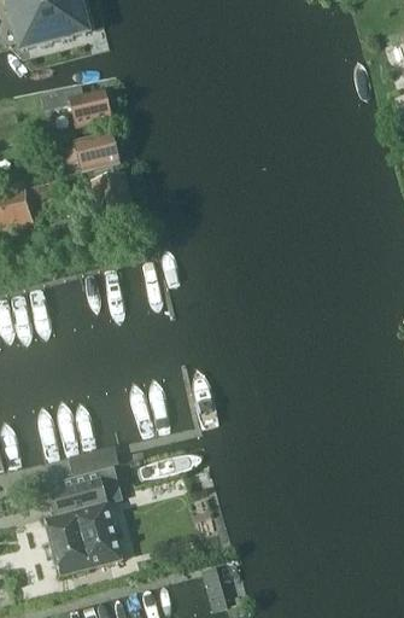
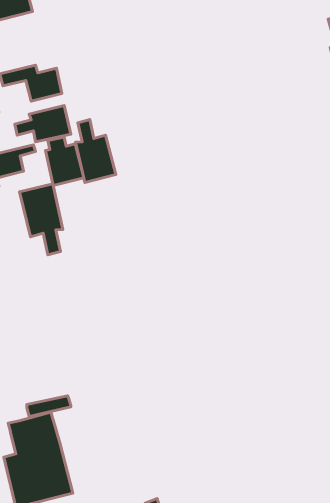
building: none -> [76,120,116,182]
building: none -> [19,184,63,255]

